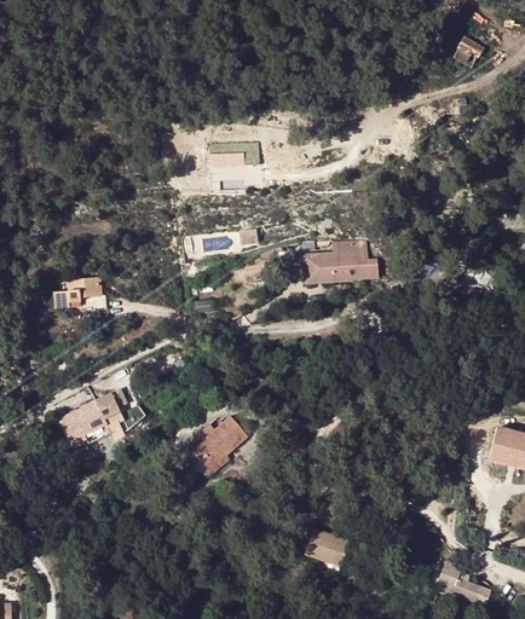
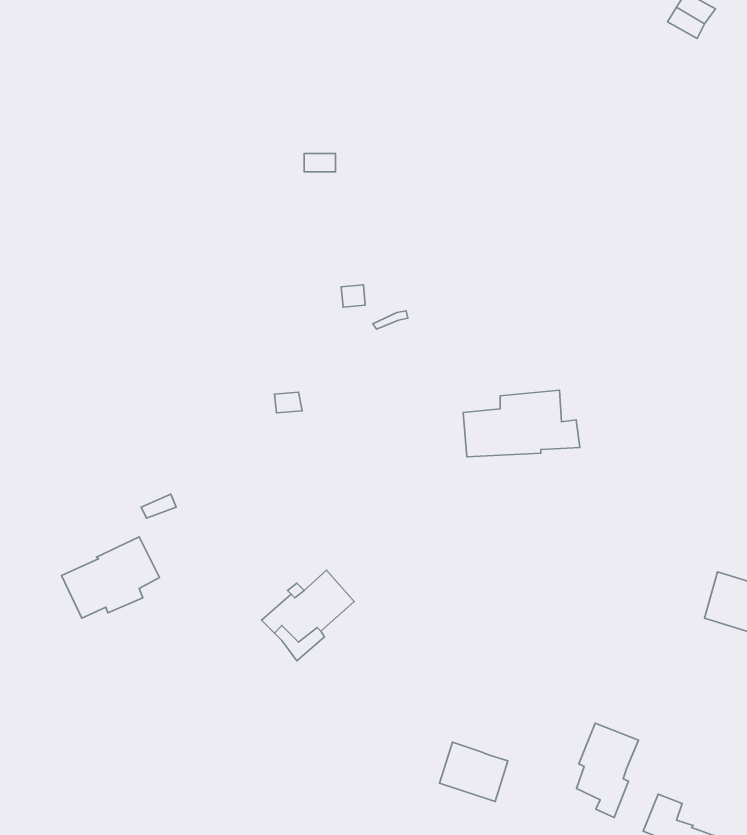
building: [302,241,379,284] -> [463,390,580,457]
building: [53,278,103,310] -> none
building: none -> [577,723,639,818]

